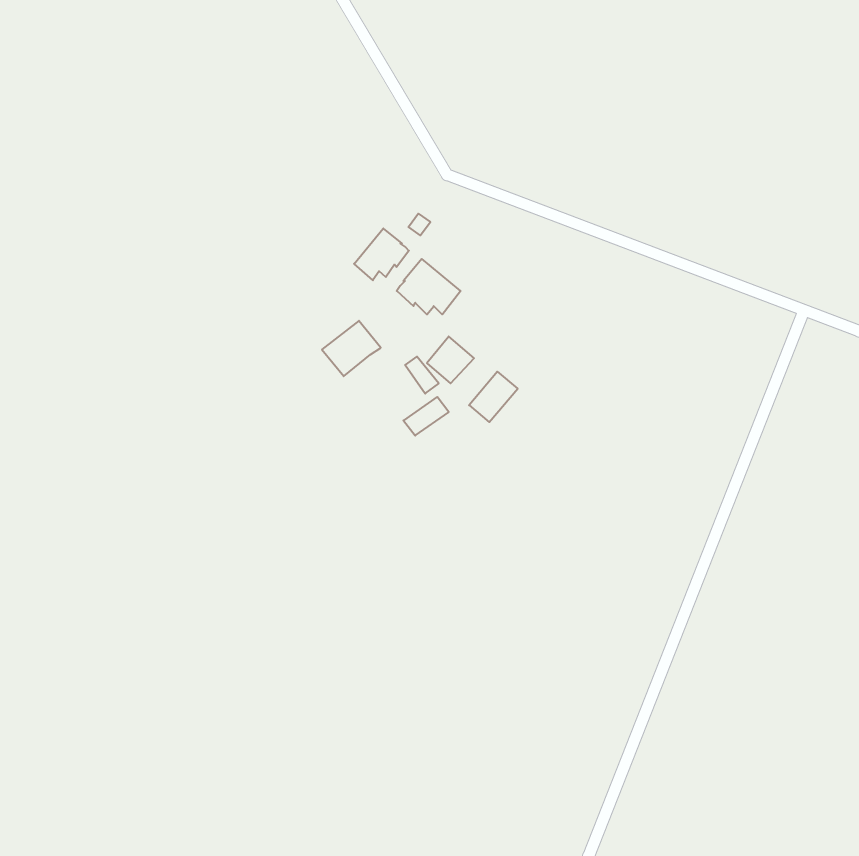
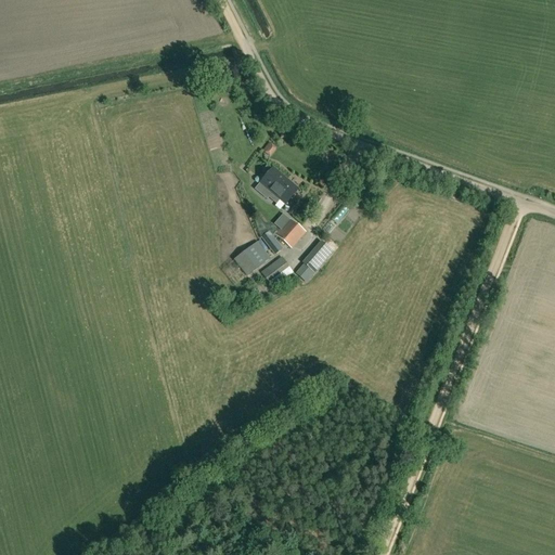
building: [354,228,409,280] -> none
building: [322,321,381,376] -> [233,240,271,275]

